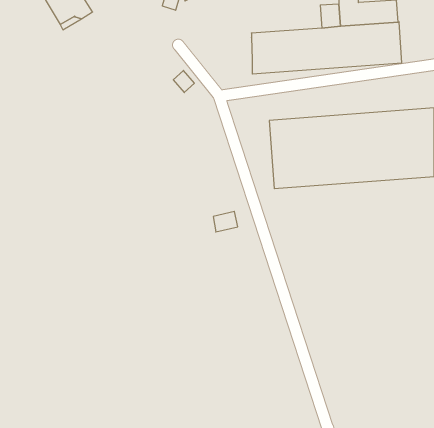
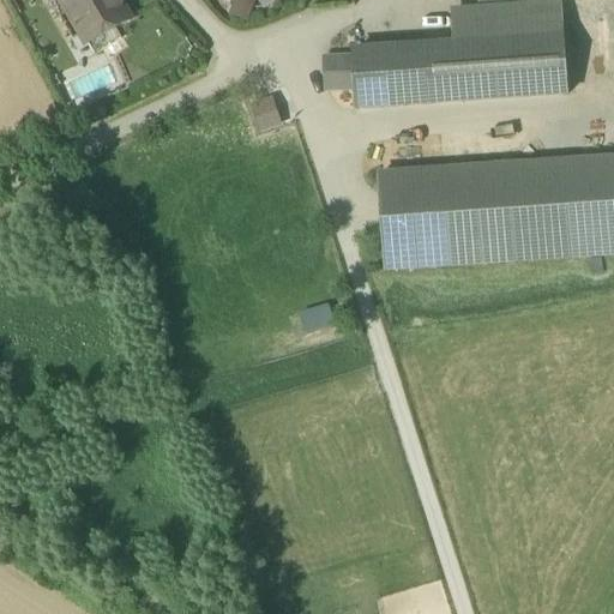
building: none -> [326,53,356,85]

